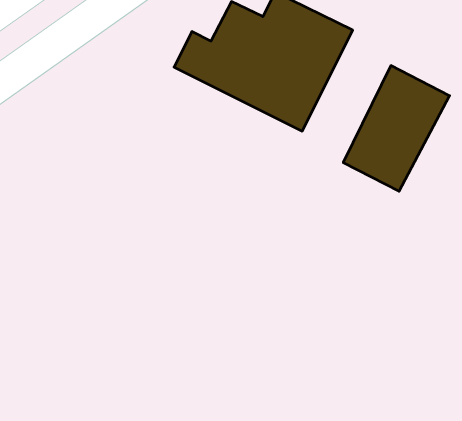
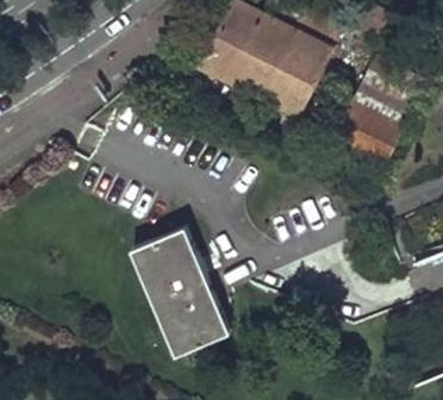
building: none -> [136,232,231,357]

